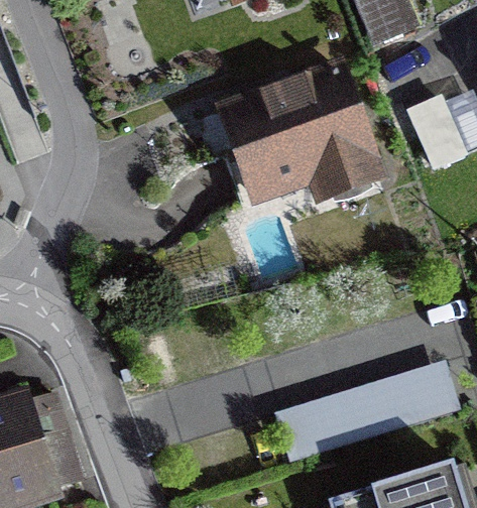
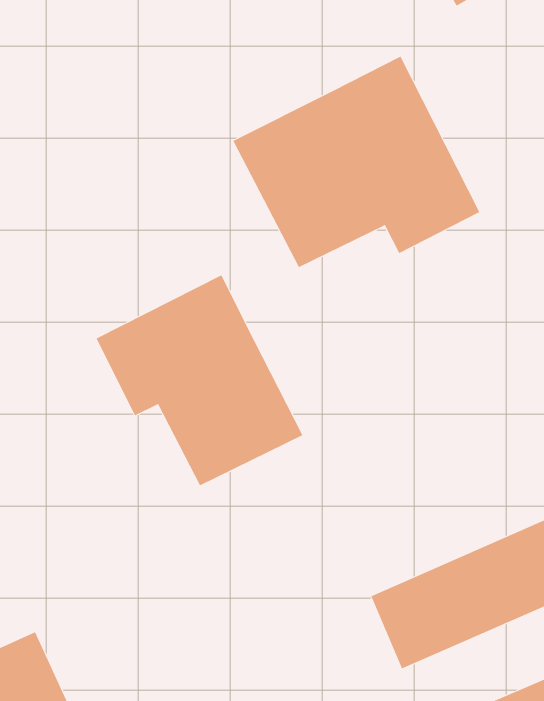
building: none -> [96,274,303,486]

